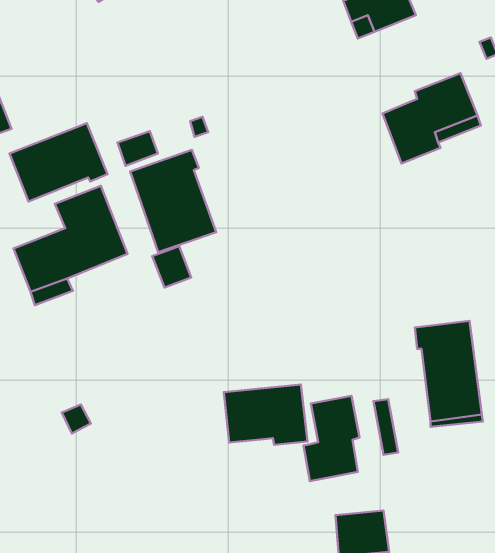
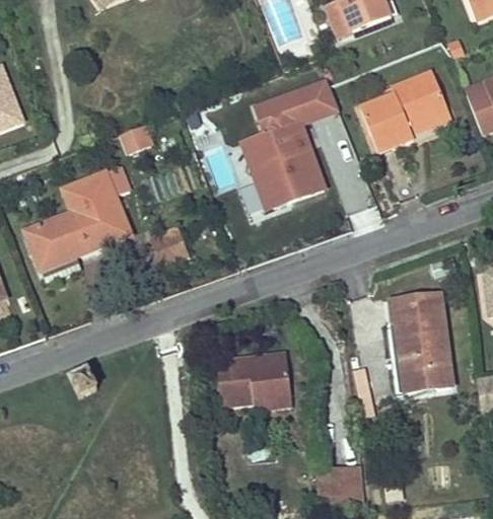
building: none -> [242,83,339,209]
building: [9,123,107,202] -> none
building: [130,150,216,252] -> none
building: [303,396,360,481] -> none

